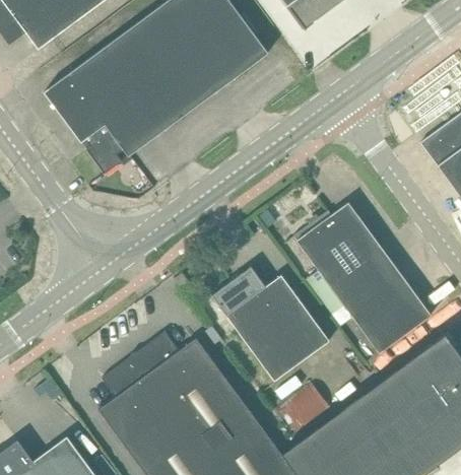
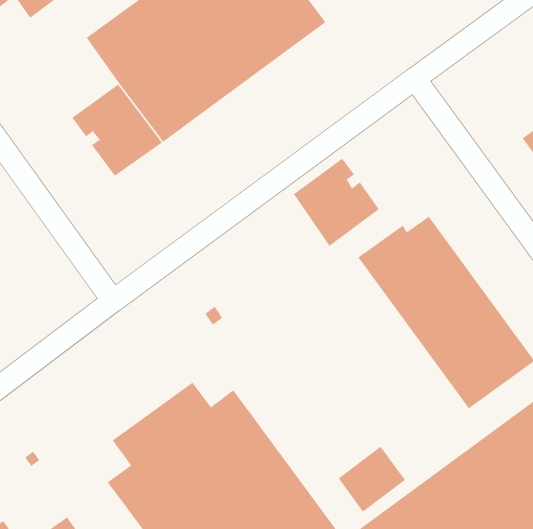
building: [45,65,107,127] -> none
building: none -> [293,158,379,247]
building: [211,267,329,382] -> none

